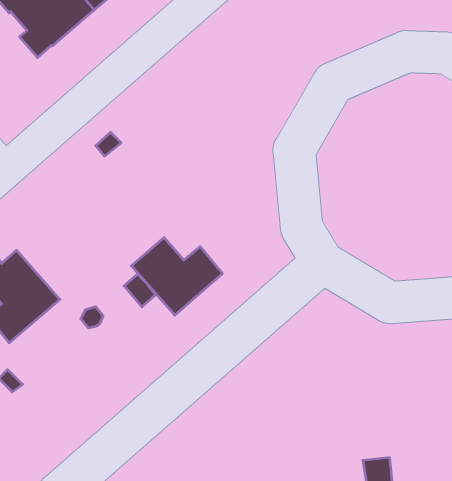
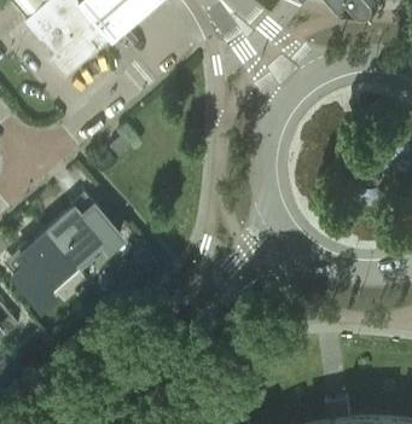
building: [131,238,222,315] -> [46,210,120,273]

